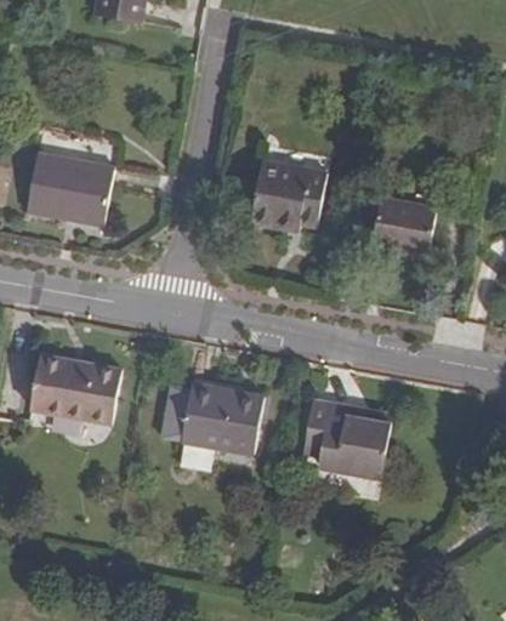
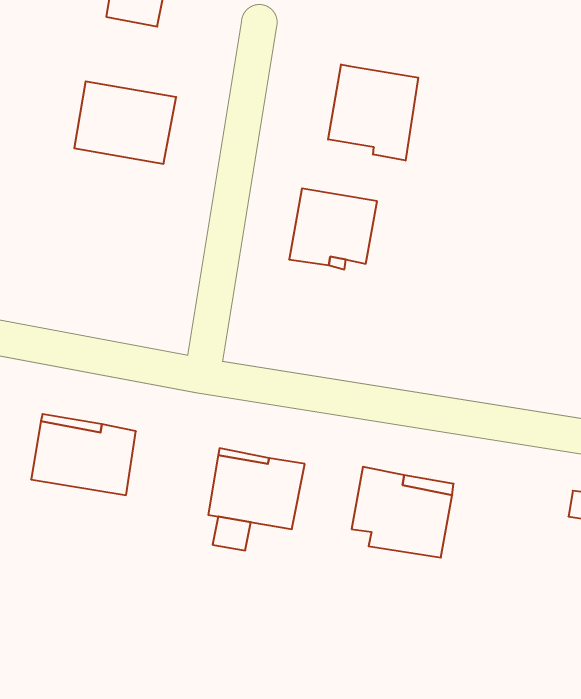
building: none -> [328,64,418,161]
building: [25,154,113,224] -> [74,81,176,164]
building: [371,198,434,253] -> none

